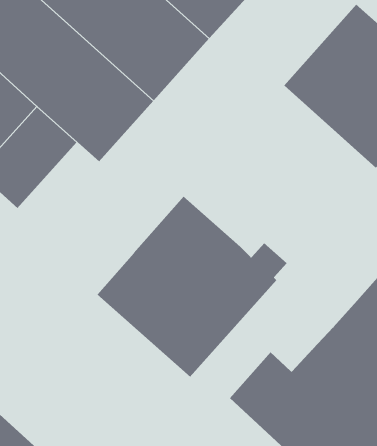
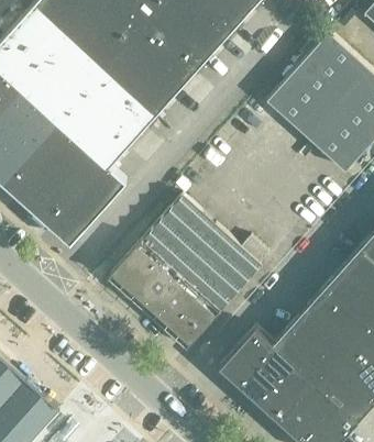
building: none -> [41,151,126,240]

